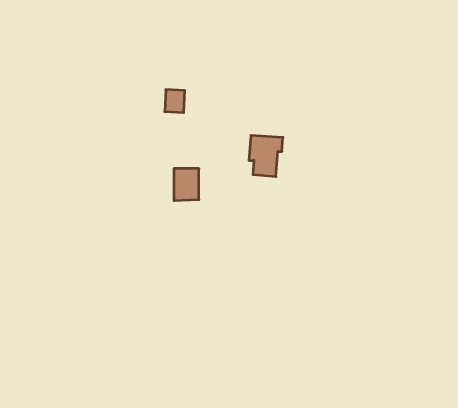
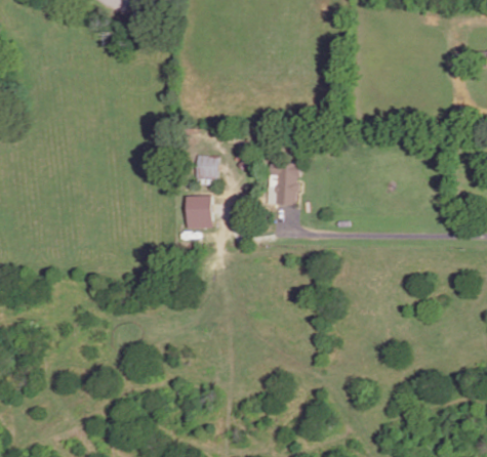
building: [165,90,185,113] -> [195,155,215,178]

